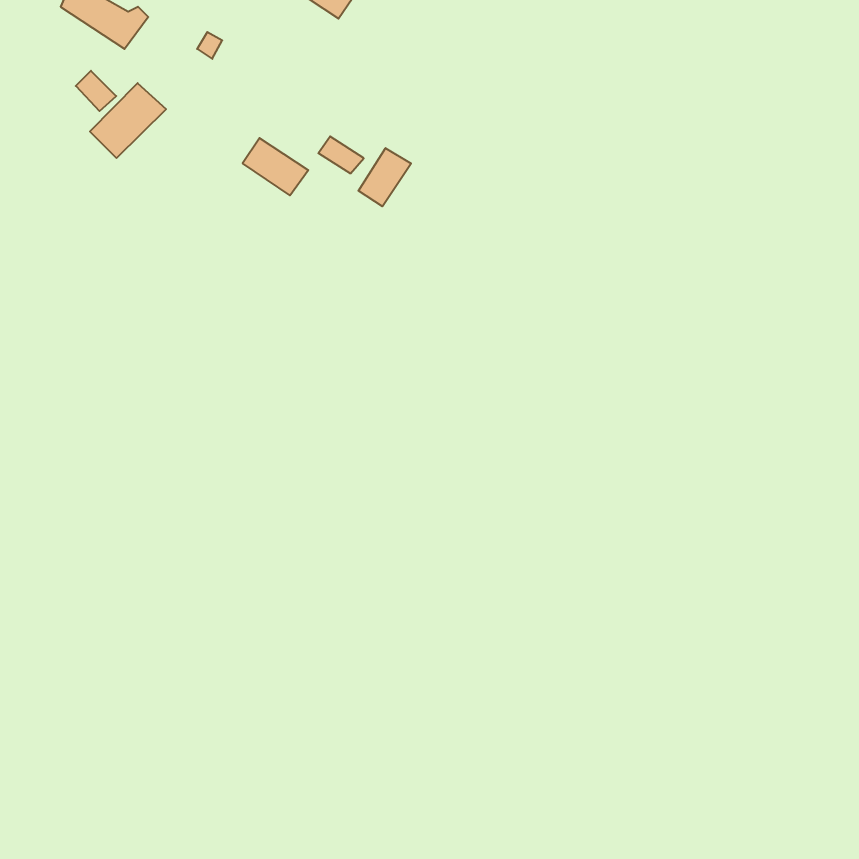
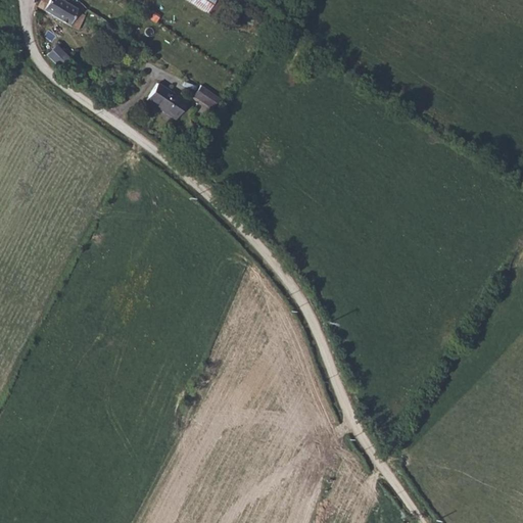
building: [90,83,166,158] -> none
building: [358,148,411,206] -> none

